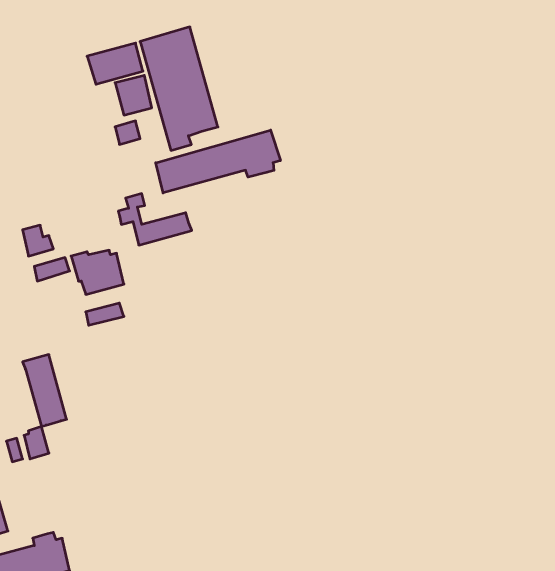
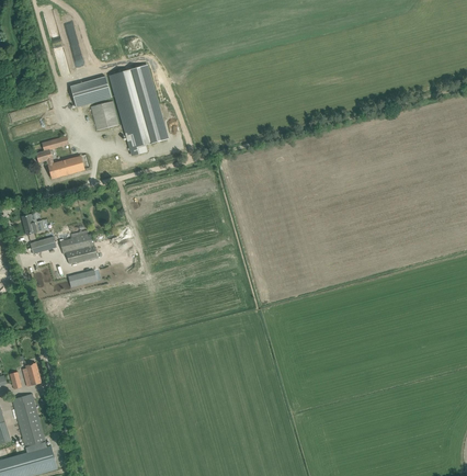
building: [156,130,280,193] -> none
building: [118,194,192,245] -> [35,139,90,178]
building: [23,355,67,427] -> [11,393,44,446]

